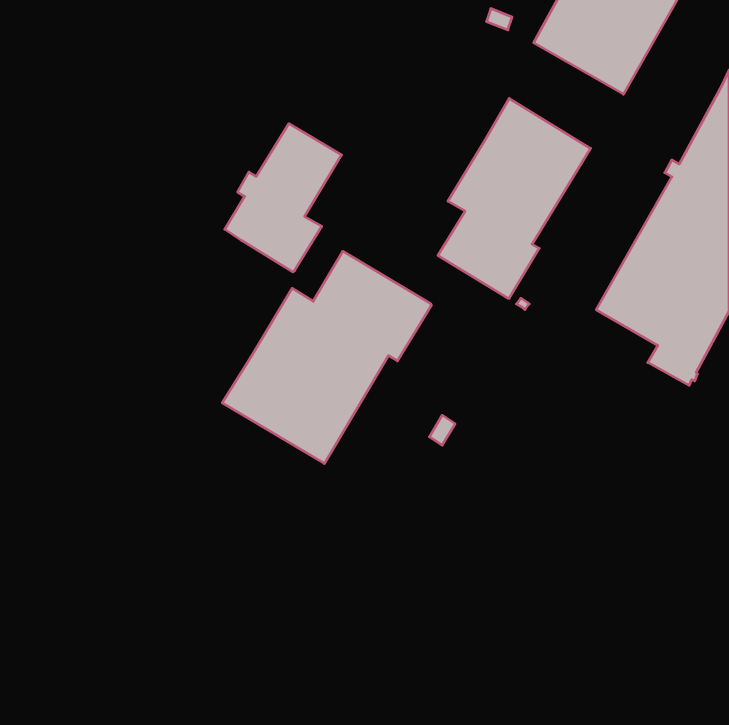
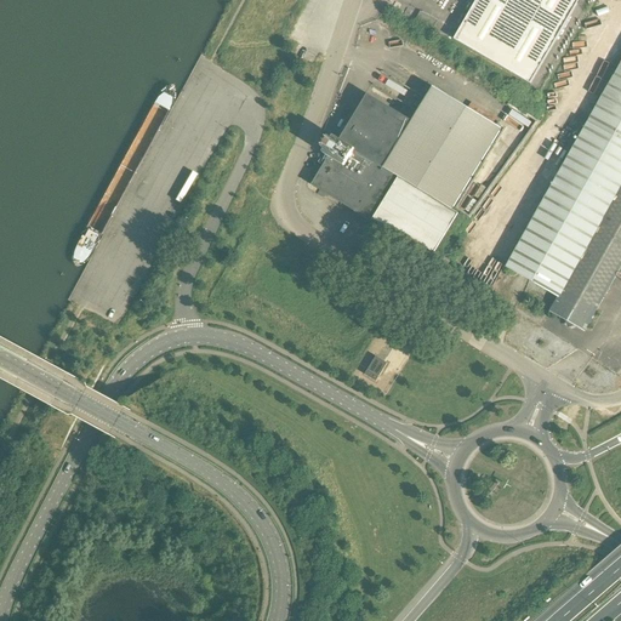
building: [225,124,342,272] -> [313,92,412,218]
building: [222,251,431,464] -> none

